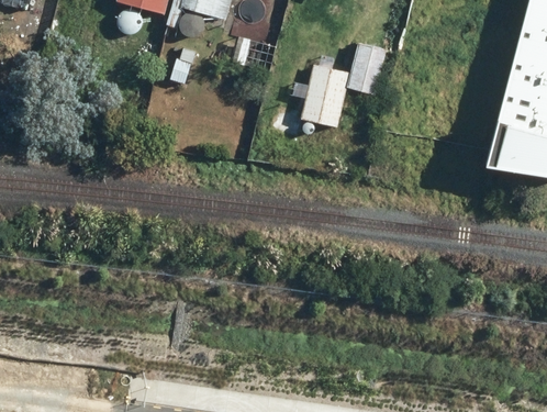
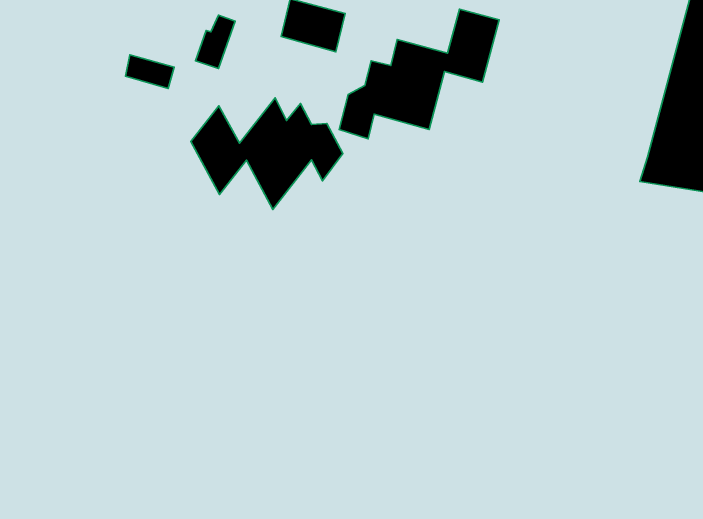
building: none -> [191,98,343,209]

